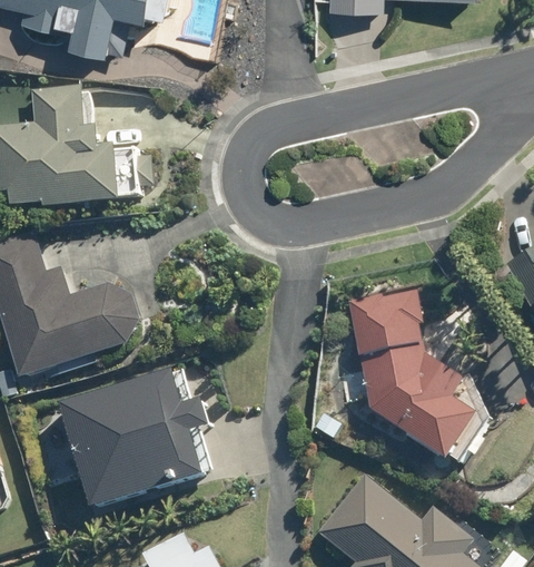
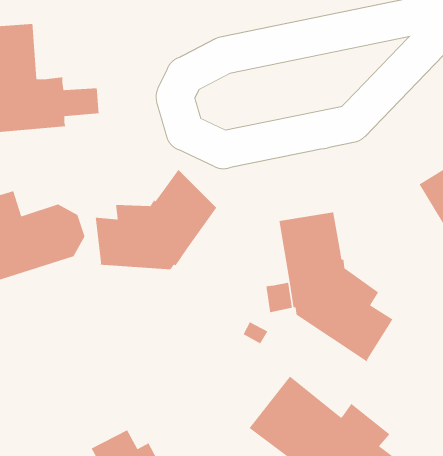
building: none -> [95,169,217,270]
building: [62,365,205,505] -> none

